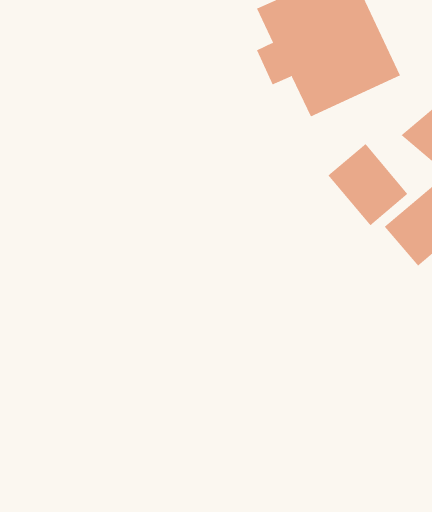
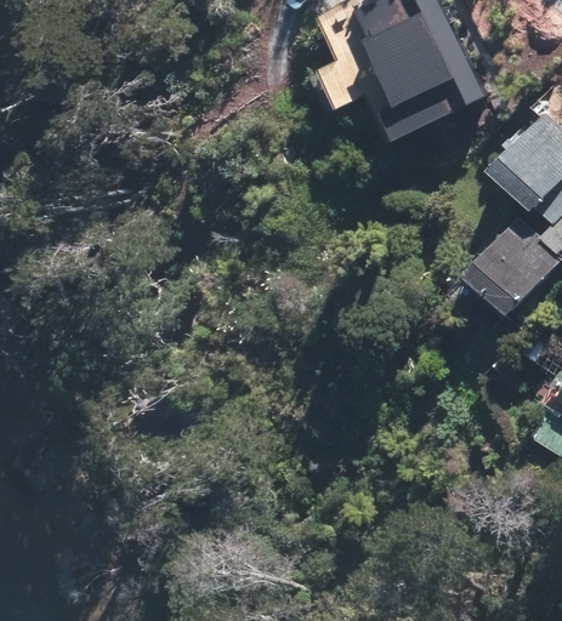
building: [328,143,408,226] -> none

